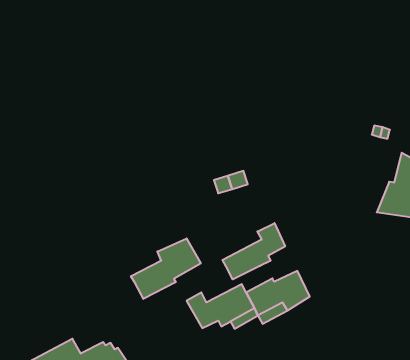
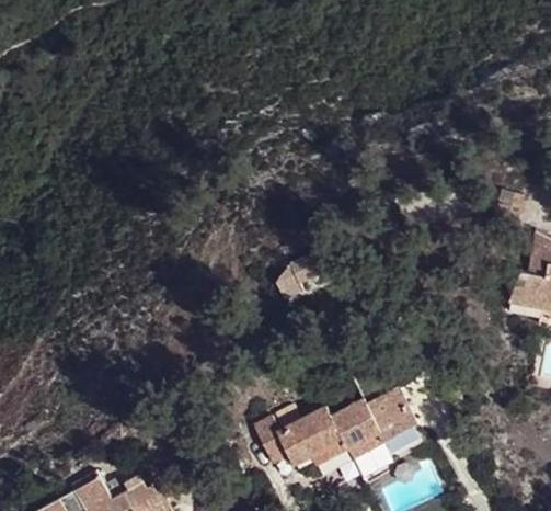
building: [222,223,285,279] -> none
building: [131,238,201,299] -> none

